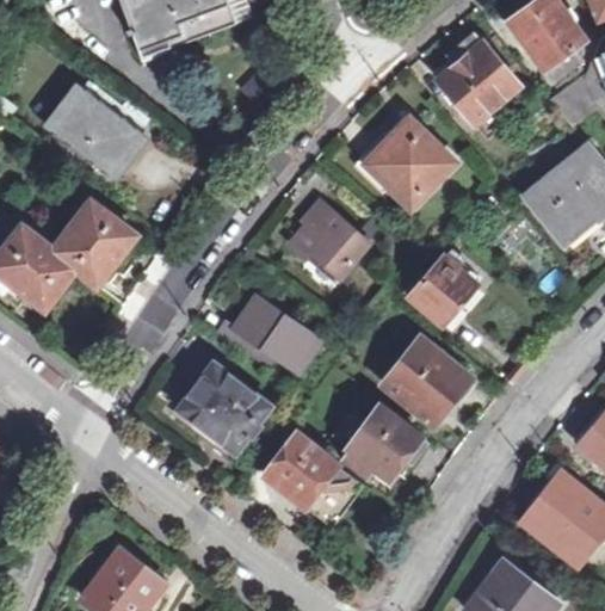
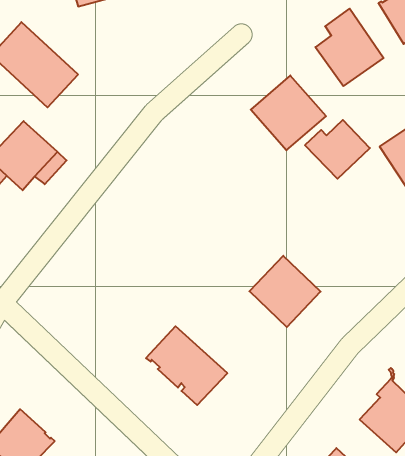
building: [290,200,370,277] -> none
building: [402,253,481,325] -> [305,120,370,179]
building: [217,297,320,370] -> none
building: [177,360,271,452] -> none
building: [345,405,426,477] -> none

